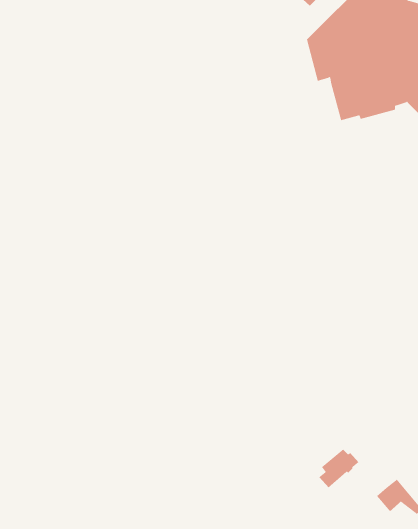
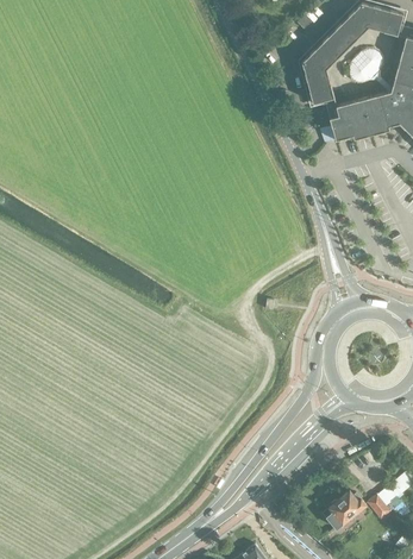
building: [319,449,359,488] -> [327,491,367,529]

